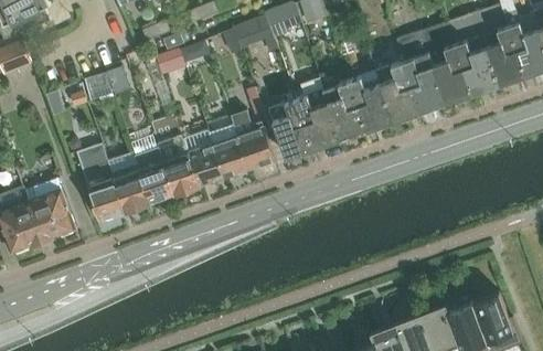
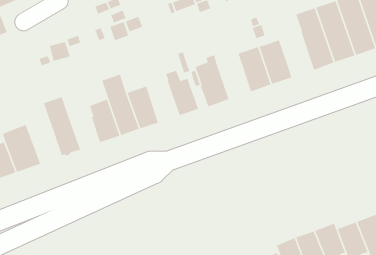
building: [375,62,418,120] -> none
building: [296,78,339,148] -> none
building: [207,125,248,178] -> none
building: [113,170,148,212] -> none

